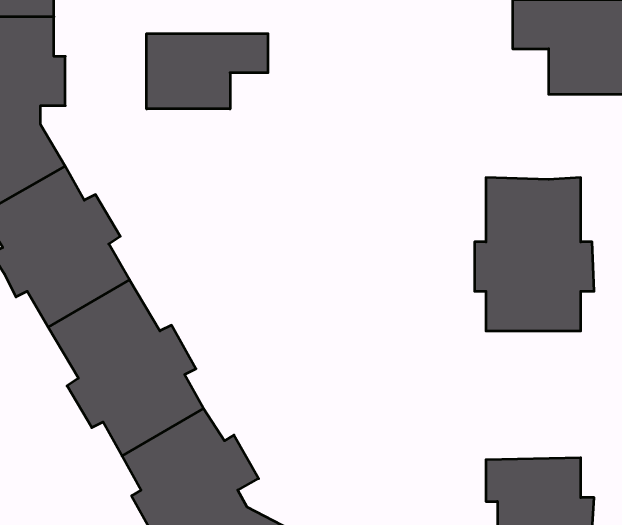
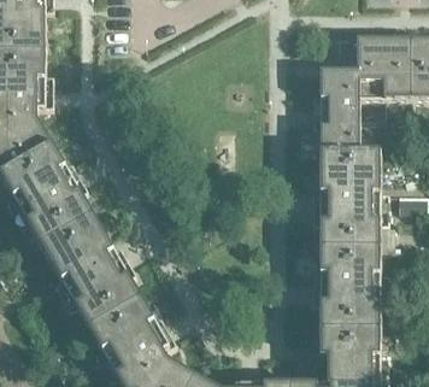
building: [147,34,268,109] -> none
building: none -> [313,69,360,152]
building: none -> [312,248,389,330]

